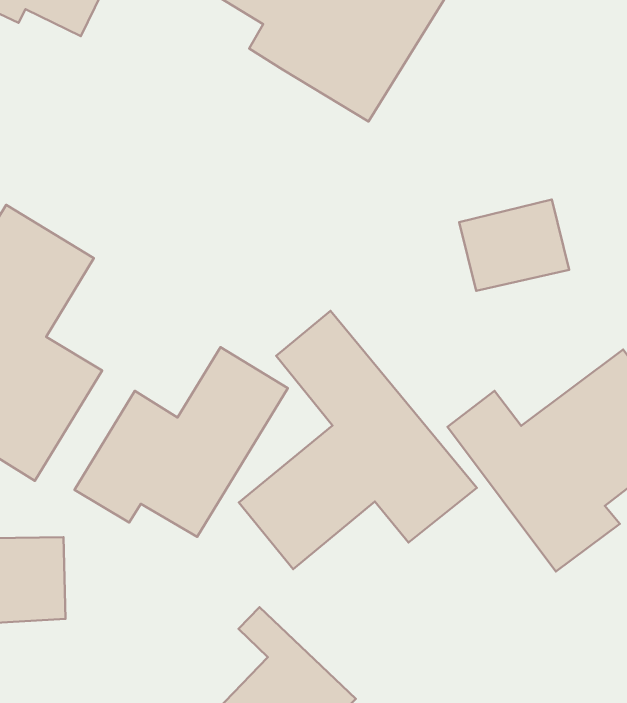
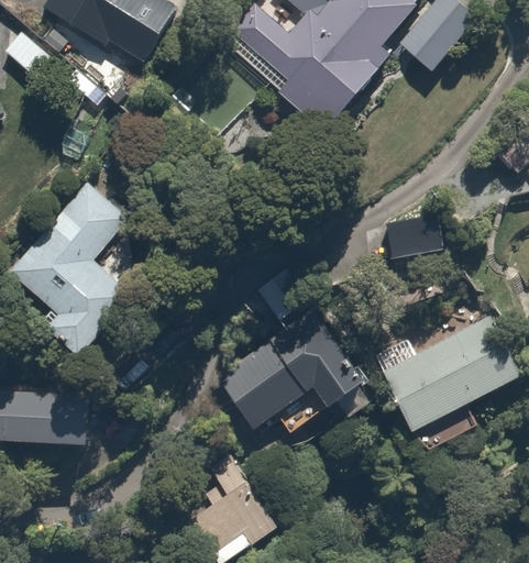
building: [75,347,288,537] -> none

